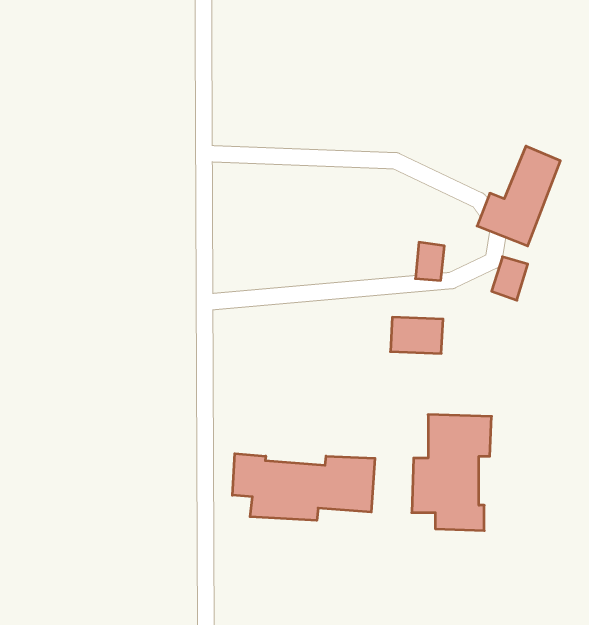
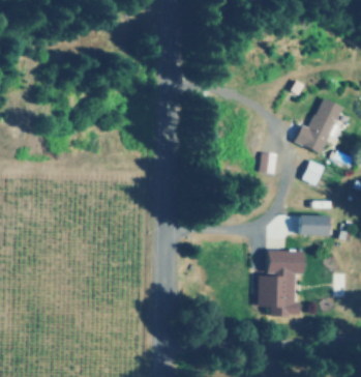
building: [390,317,443,353] -> [298,215,328,236]
building: [232,454,375,520] -> none

